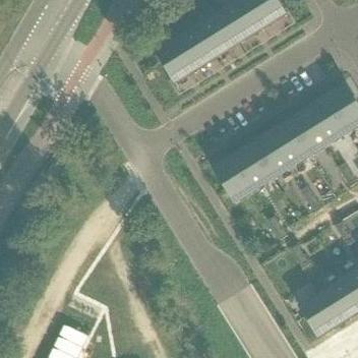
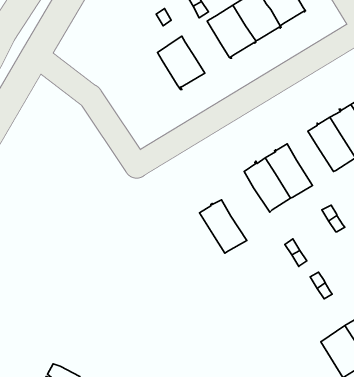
building: [177,22,219,69] -> none
building: [270,119,310,167] -> none
building: [213,155,254,201] -> [199,200,247,253]

